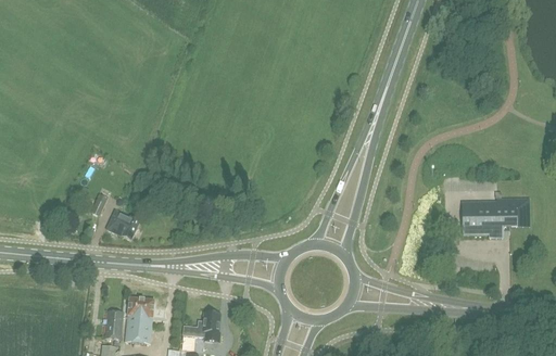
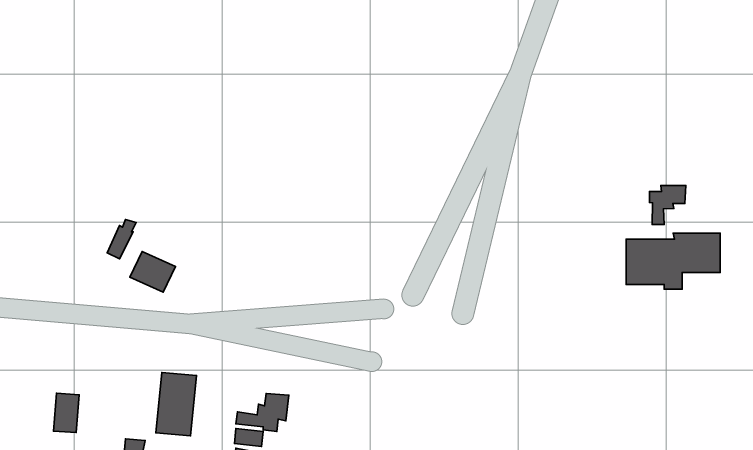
building: none -> [650,185,686,225]
building: [104,310,123,339] -> [54,393,79,433]

